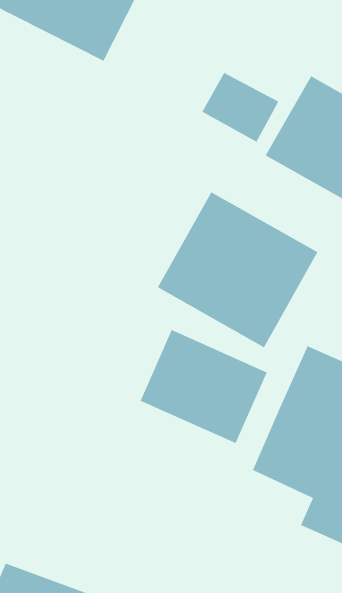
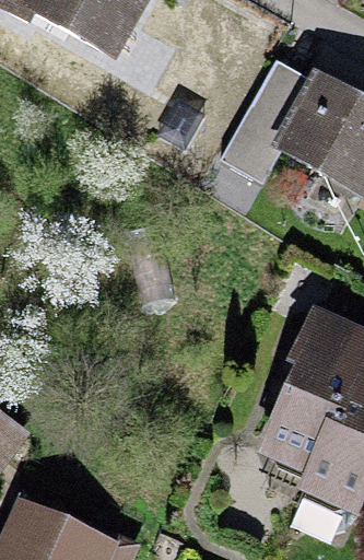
building: [157,191,318,348] -> none
building: [140,329,267,444] -> none

